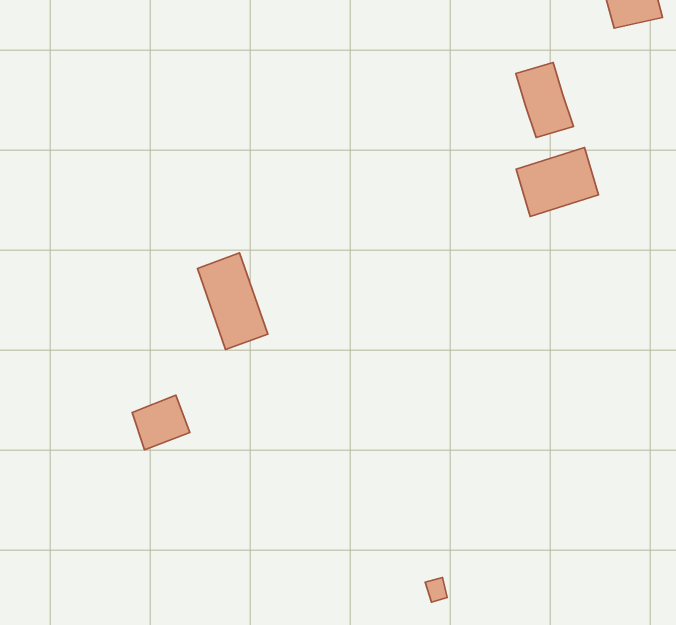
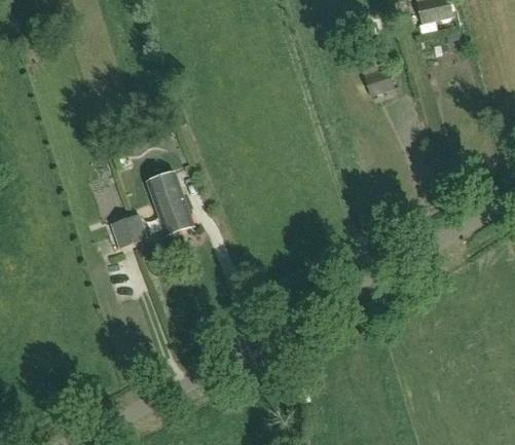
building: [516,148,599,217] -> none
building: [132,395,190,450] -> [110,212,148,248]

